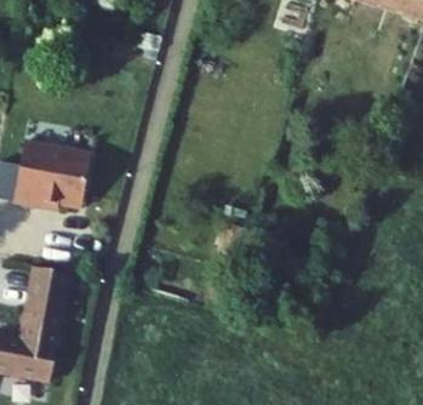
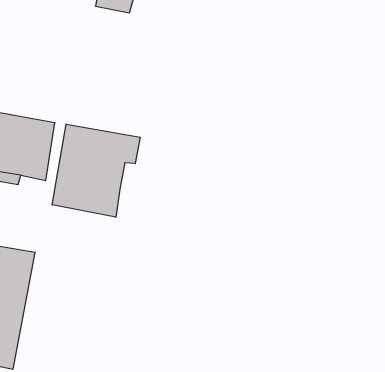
building: none -> [52,124,140,217]

